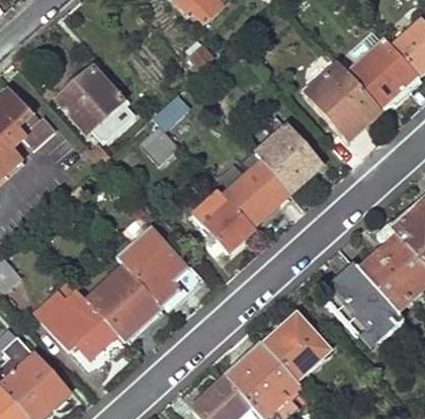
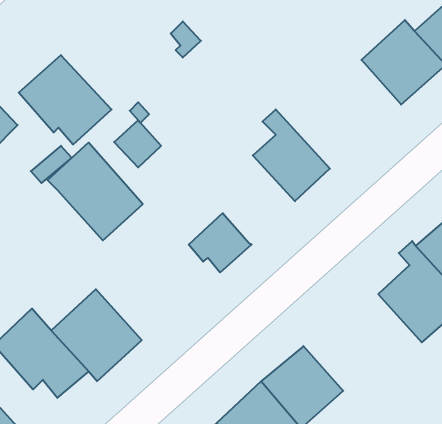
building: [304,63,378,140] -> none
building: [223,150,289,226] -> none
building: [114,225,194,307] -> [47,143,143,240]
building: [319,261,404,340] -> none

